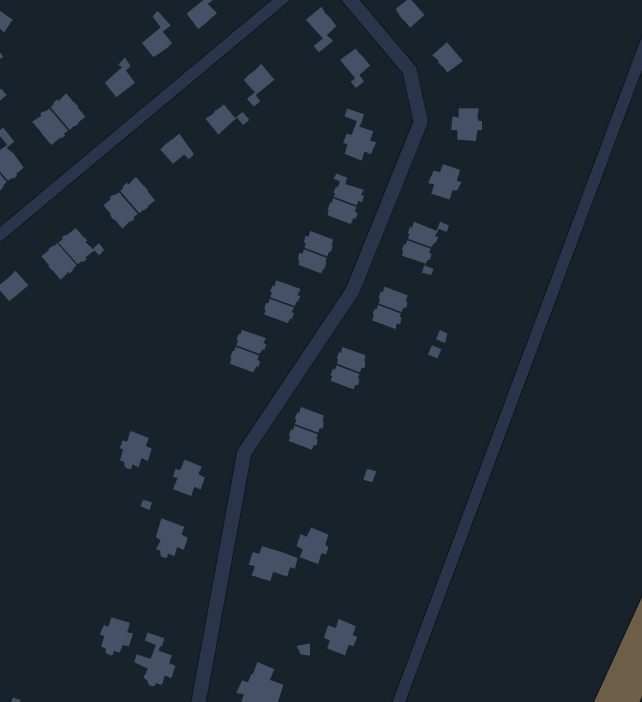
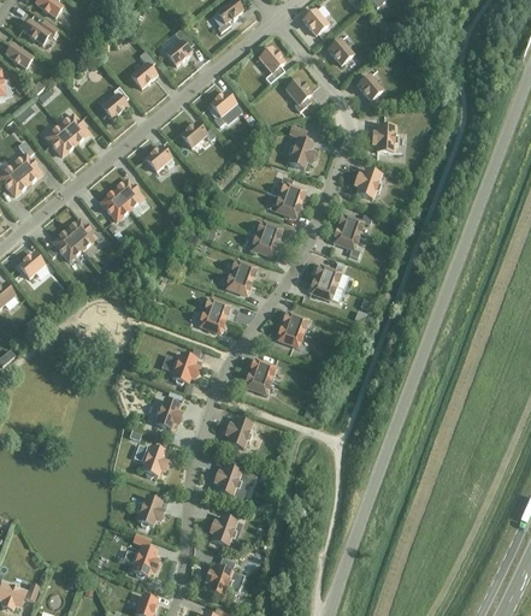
building: [119,430,153,470] -> [171,353,197,384]
building: [295,527,330,565] -> [224,417,250,448]
building: [99,616,134,656] -> [135,496,163,527]
building: [323,618,358,657] -> [208,515,236,545]

